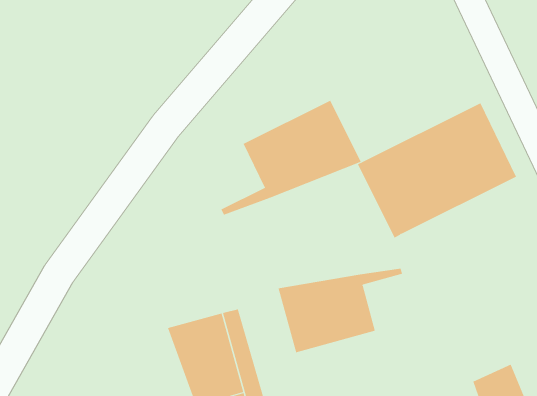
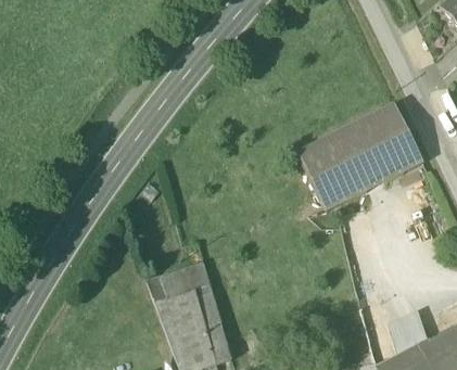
building: [221,100,362,215] -> none
building: [278,268,403,353] -> none

